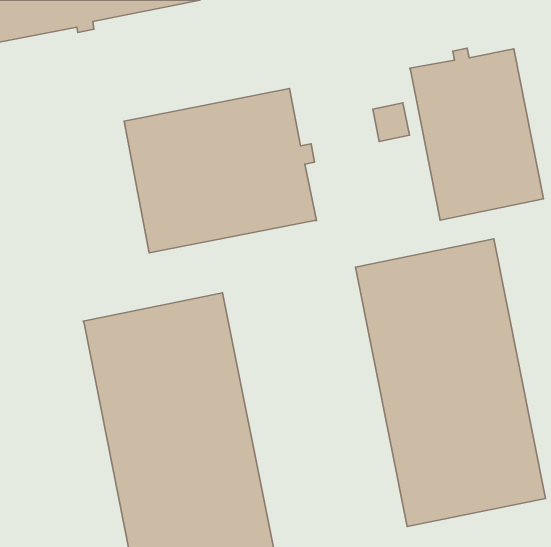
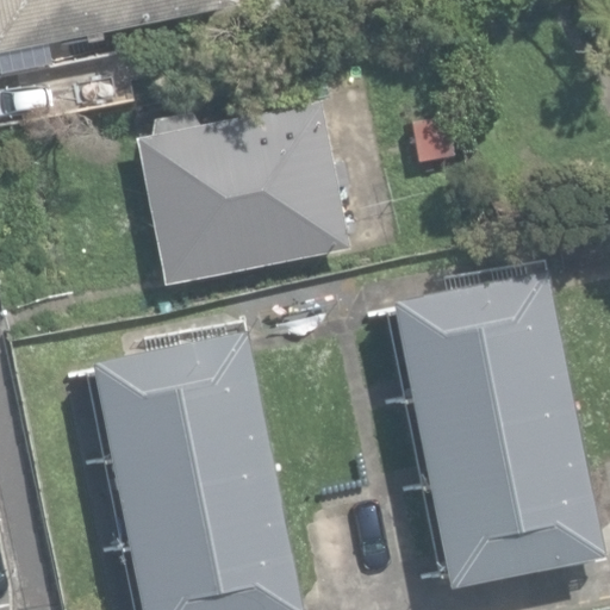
building: [410,48,544,220] -> none

